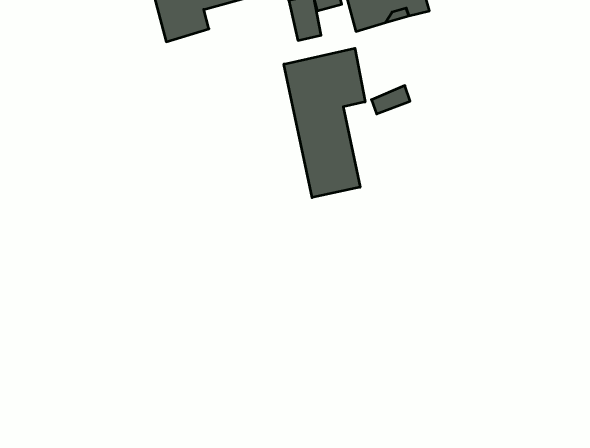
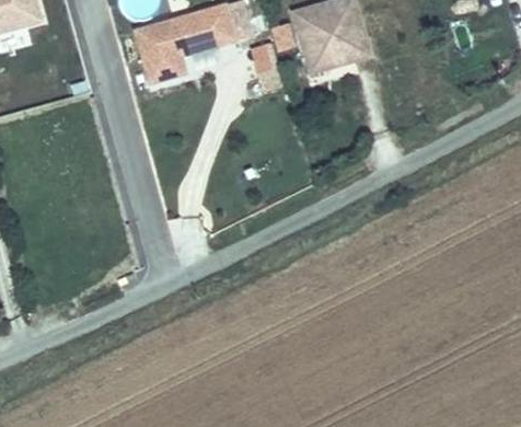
building: [284,48,365,198] -> none

